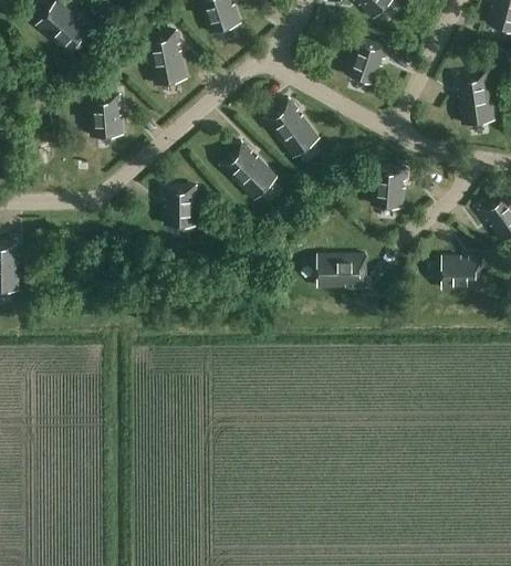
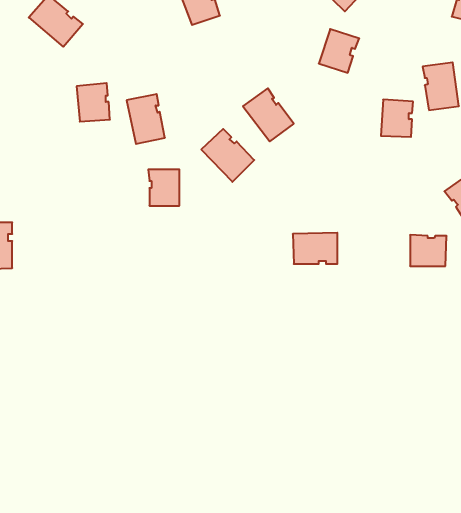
building: [146,31,187,84] -> [127,94,165,144]
building: [373,166,407,206] -> [381,100,413,137]

